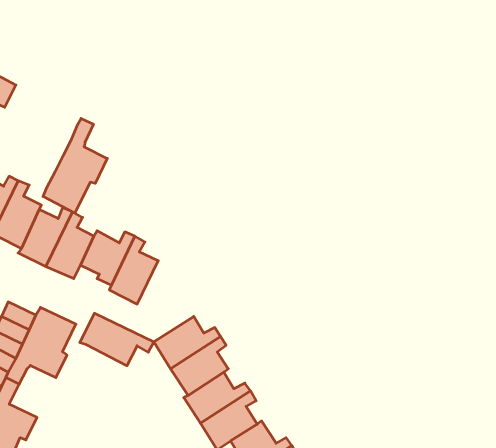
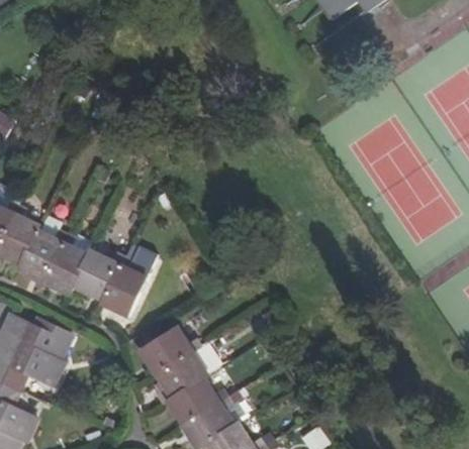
building: [43,118,107,213] -> none
building: [80,313,154,366] -> none

